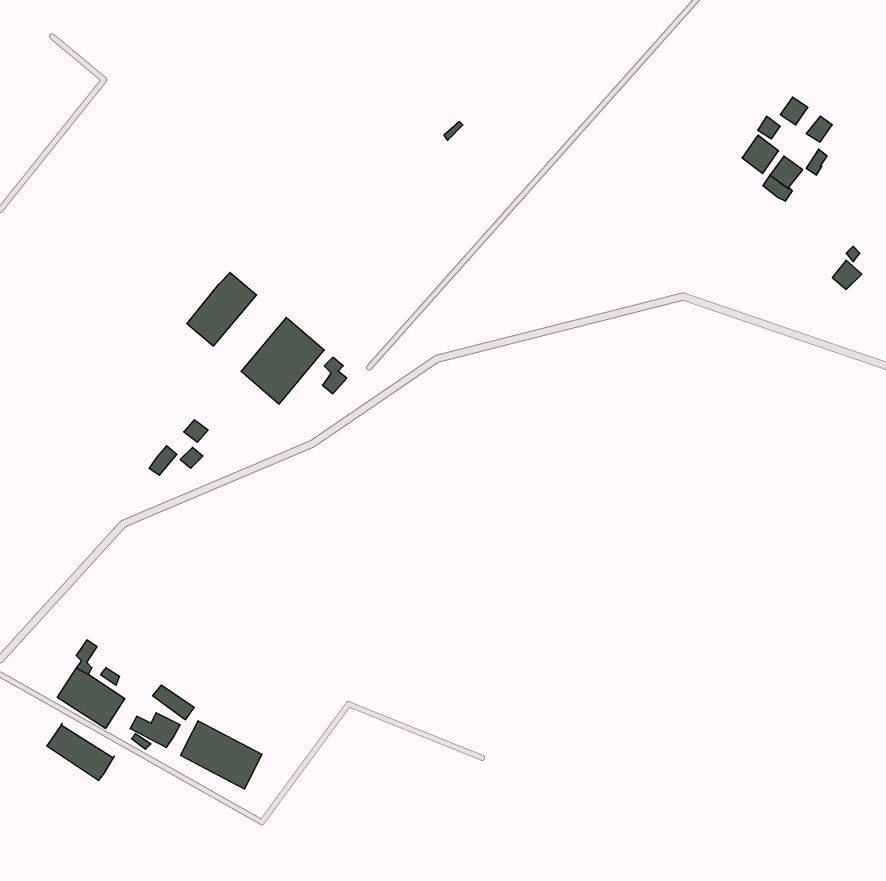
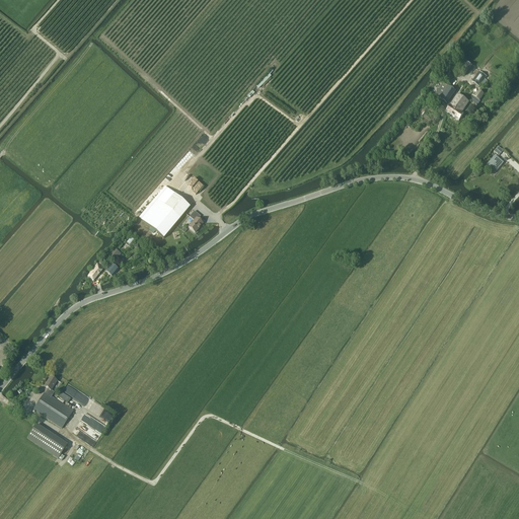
building: [187,272,257,346] -> none
building: [181,721,262,789] -> none

